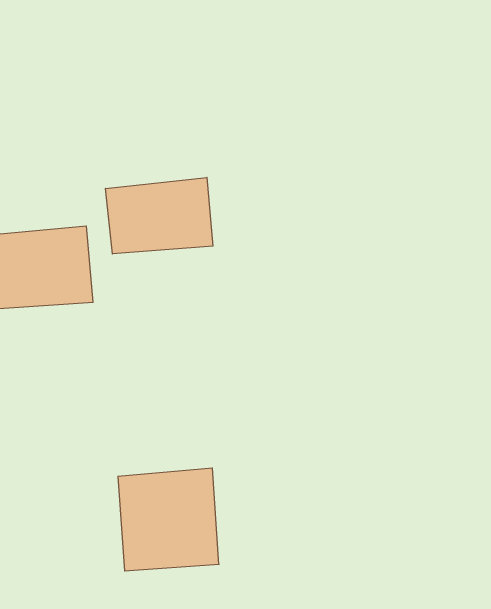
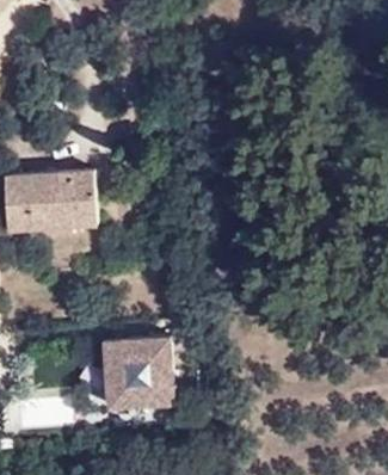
building: [106,177,213,254] -> none

